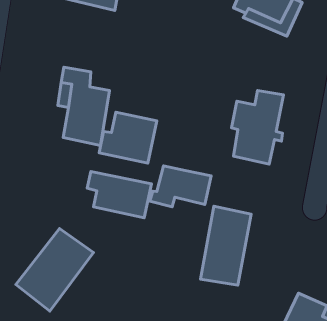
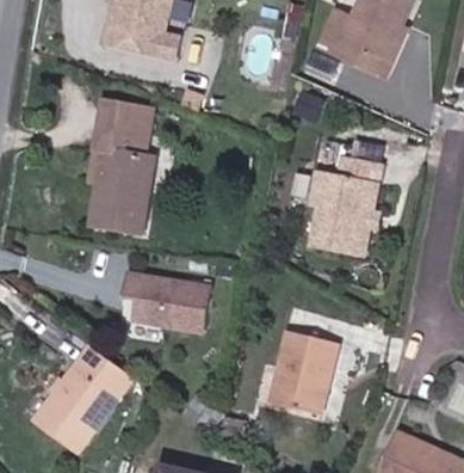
building: none -> [93,100,151,137]
building: [99,112,157,163] -> none
building: [150,166,211,207] -> none

